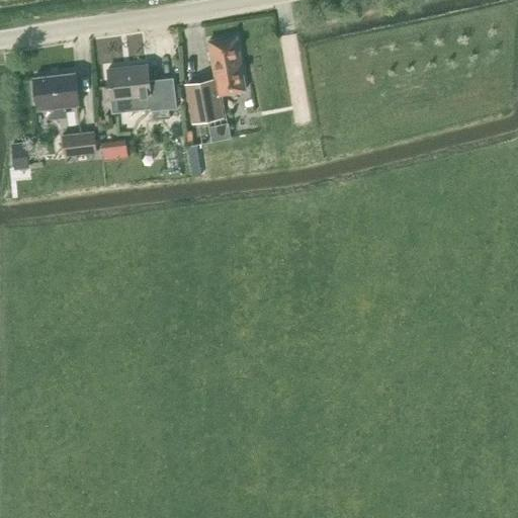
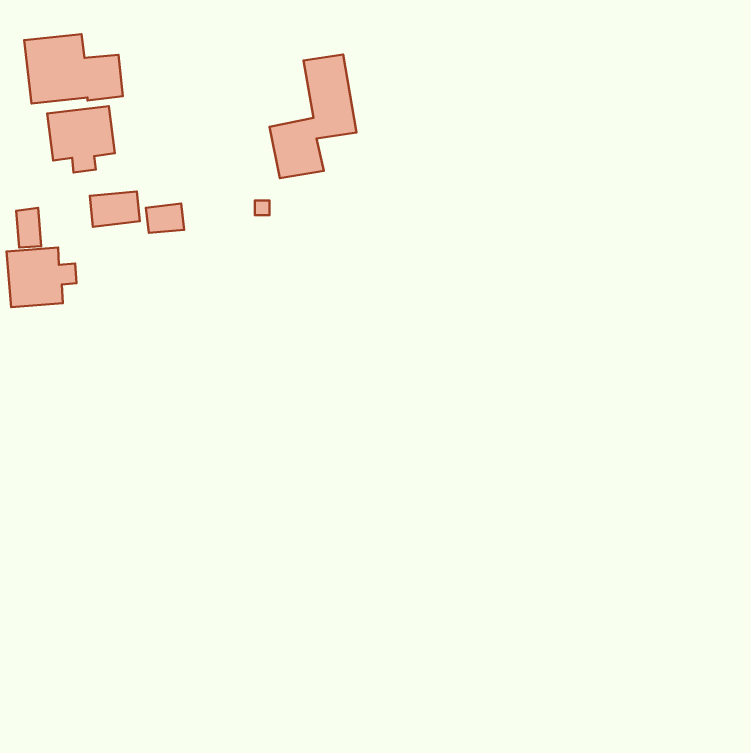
building: [107,65,175,112] -> [24,34,123,103]
building: none -> [6,248,76,307]

